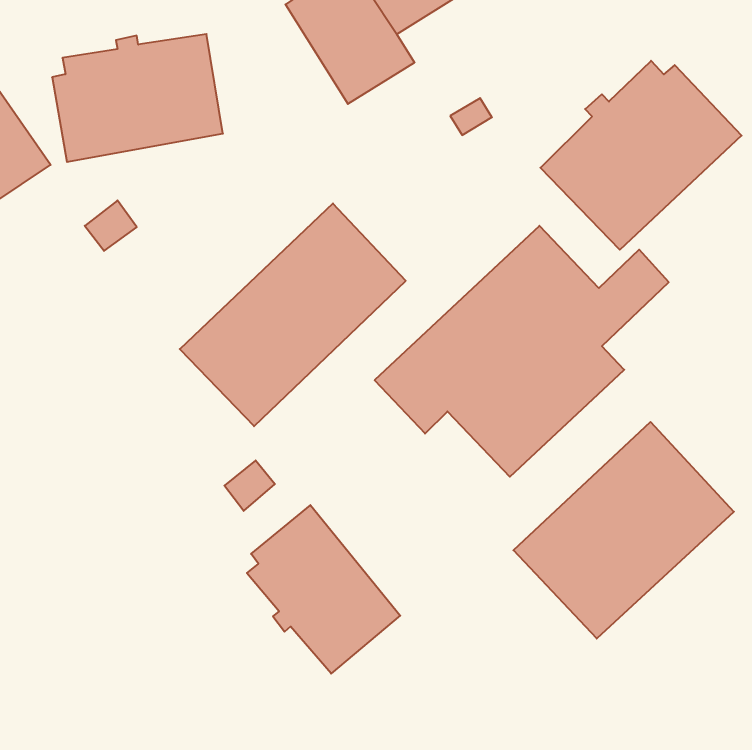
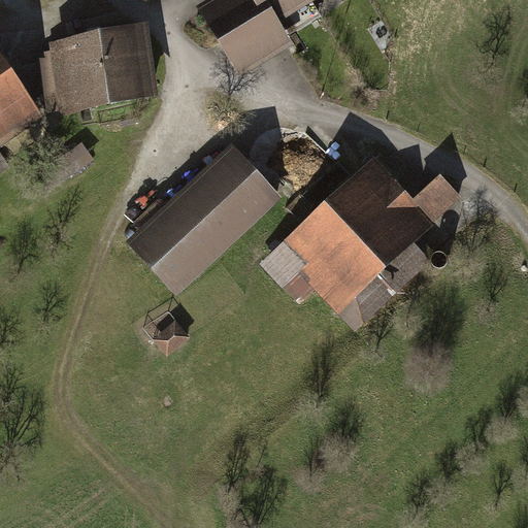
building: [540,61,742,250] -> none
building: [513,422,734,639] -> none
building: [247,505,400,674] -> none

